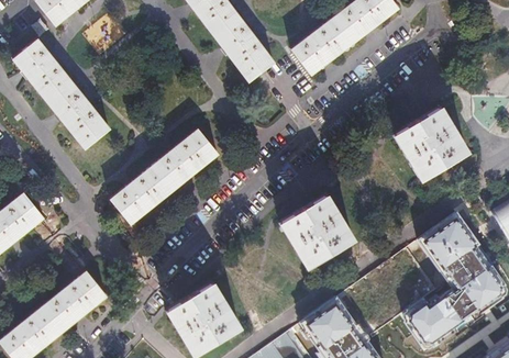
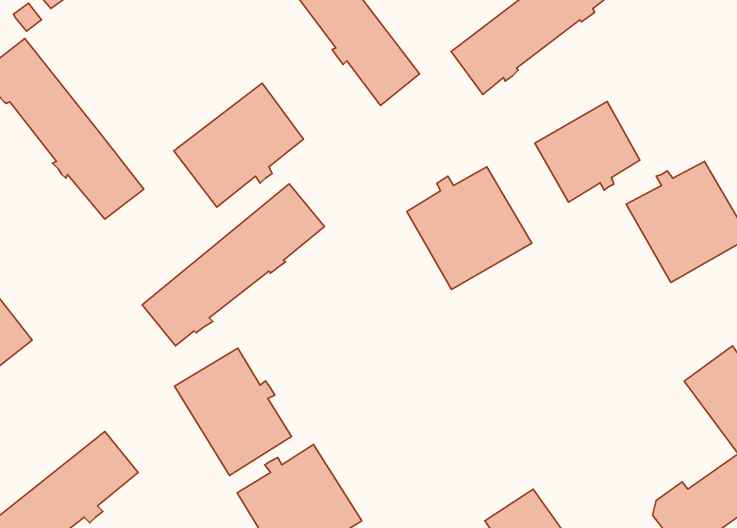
building: none -> [174,83,304,207]
building: none -> [535,102,640,202]
building: [277,193,351,266] -> [407,167,532,290]
building: none -> [174,348,292,476]

